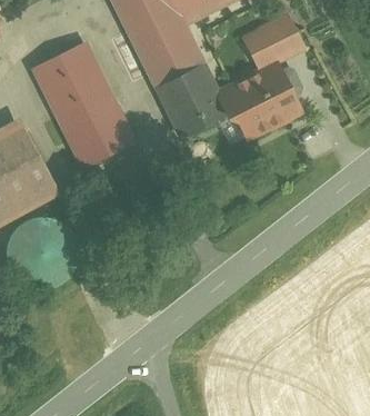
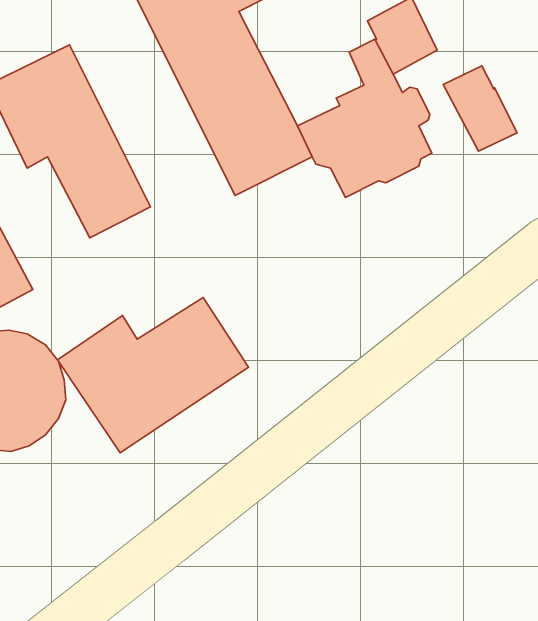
building: none -> [443,66,517,151]
building: none -> [58,298,249,453]

